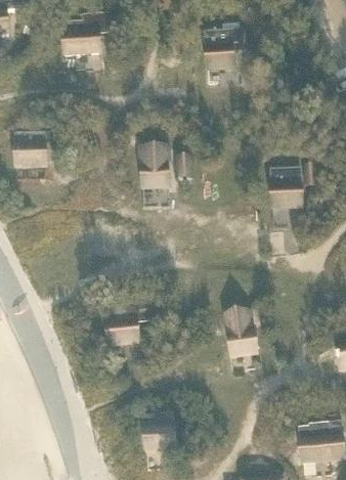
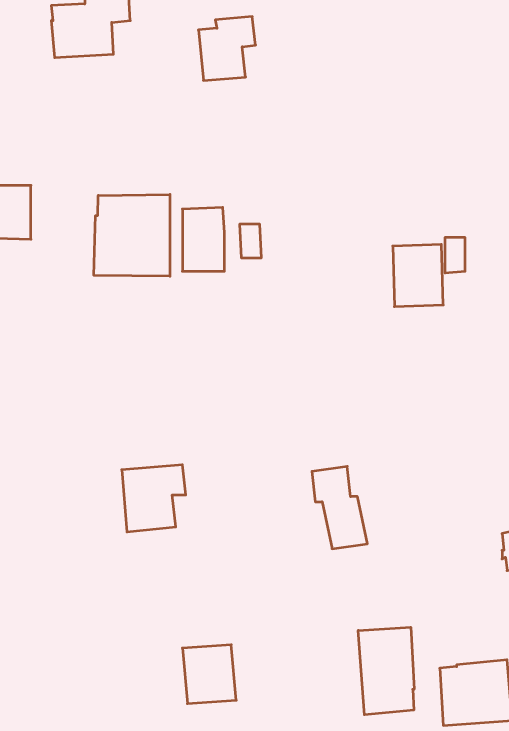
building: [204,30,239,69] -> [198,17,256,80]
building: none -> [94,194,170,276]
building: none -> [358,627,414,715]

